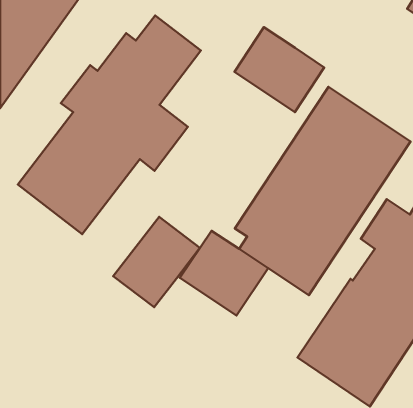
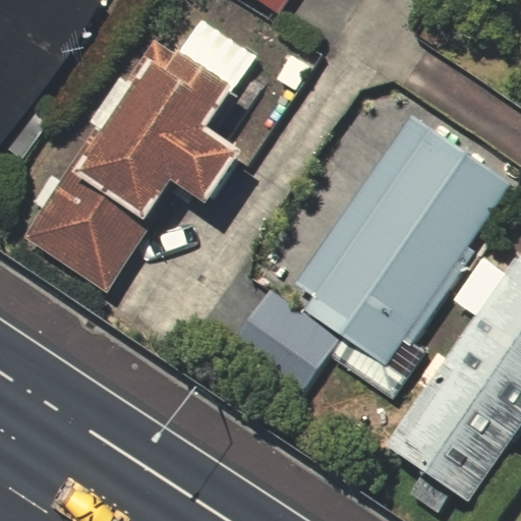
building: [235,27,324,112] -> none
building: [113,217,200,307] -> none

